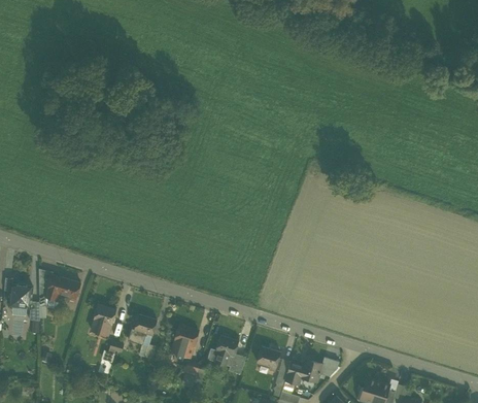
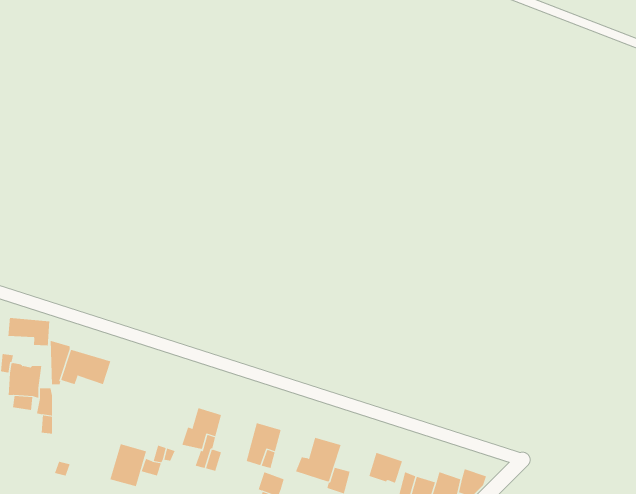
building: none -> [8,317,50,347]
building: [91,305,116,335] -> [110,444,147,487]

